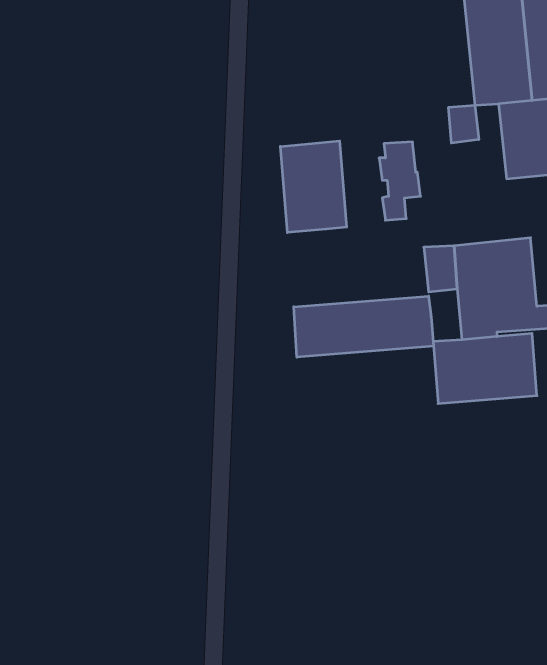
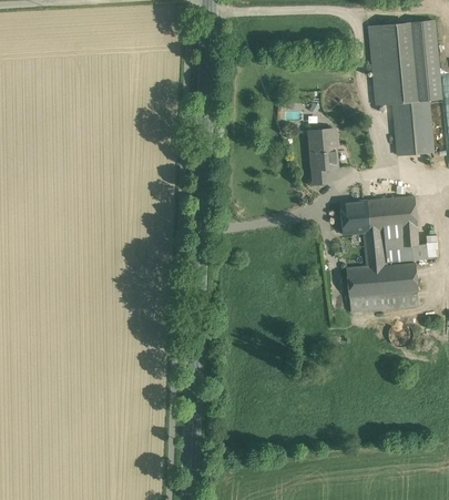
building: [449,105,479,143] -> none
building: [280,141,347,233] -> none
building: [294,296,434,357] -> none

